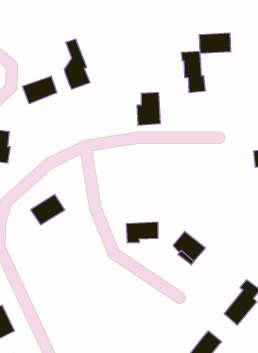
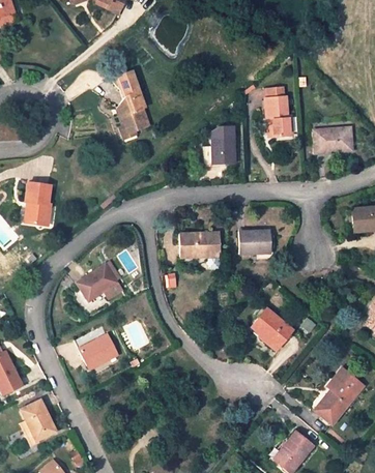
building: [199,33,231,53] -> [313,127,352,152]
building: [23,76,57,104] -> none
building: none -> [238,229,271,253]
building: [126,222,158,242] -> [180,232,220,257]
building: none -> [75,325,118,368]

